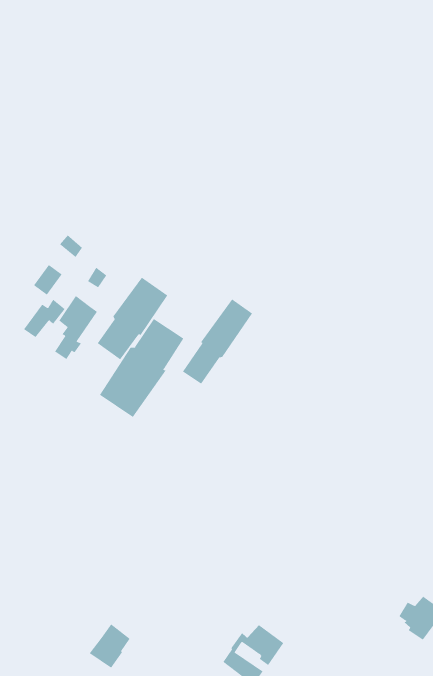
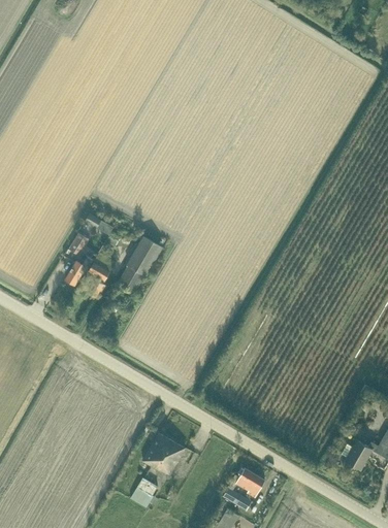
building: [182,298,253,385] -> none
building: [99,318,184,418] -> none
building: none -> [141,432,185,475]

